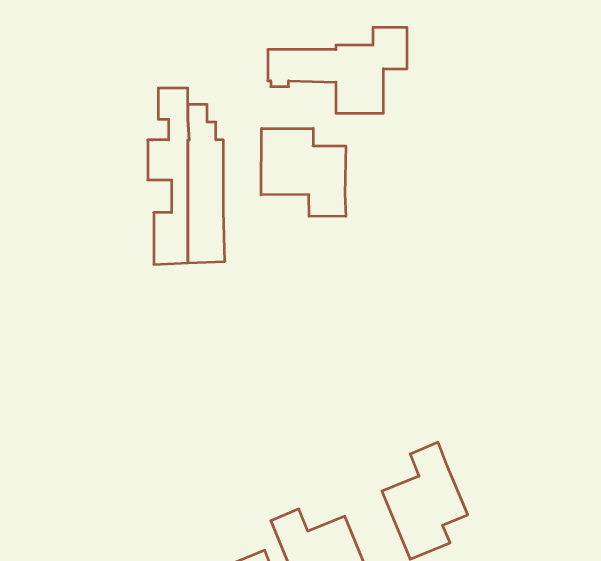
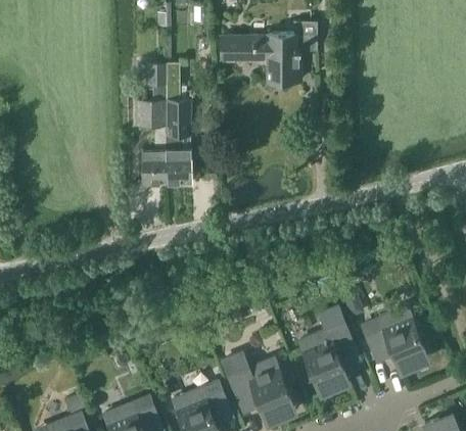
building: [261,128,346,216] -> none
building: none -> [361,307,425,366]

